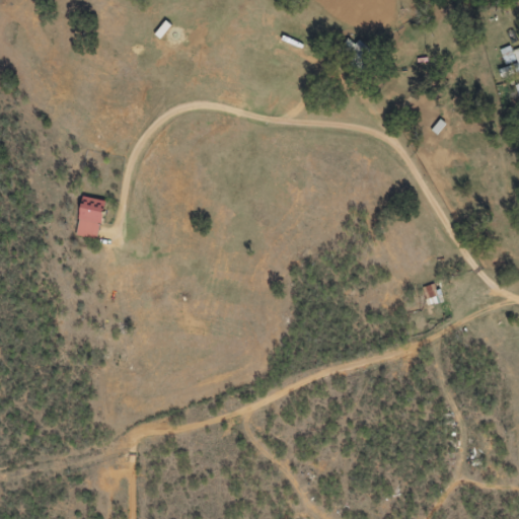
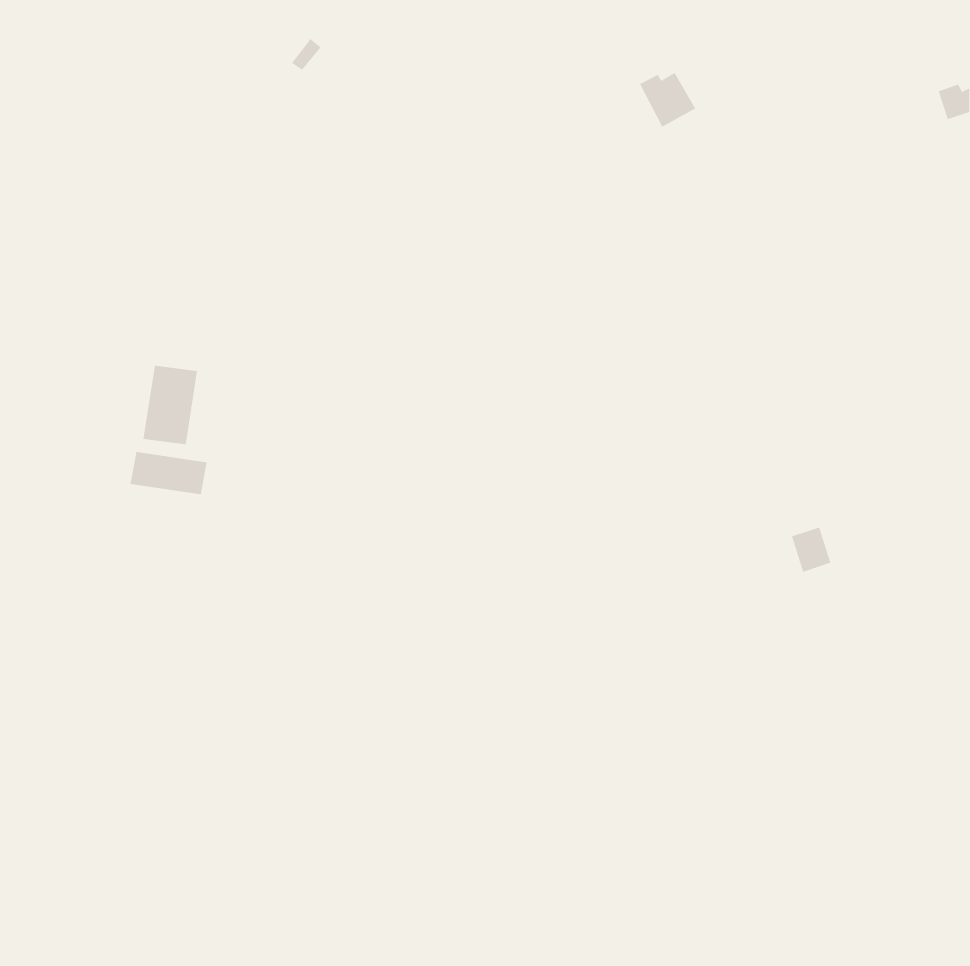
building: none -> [130,451,207,495]

